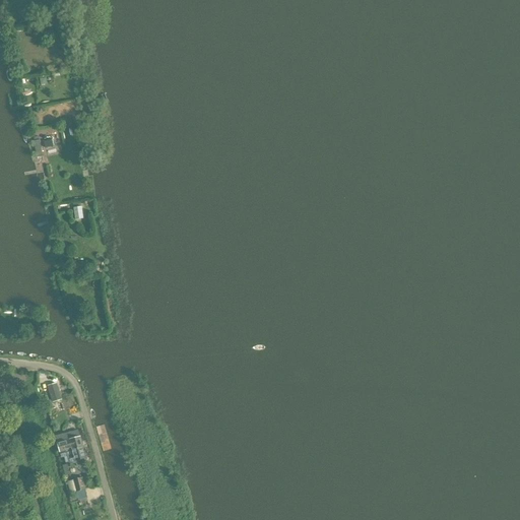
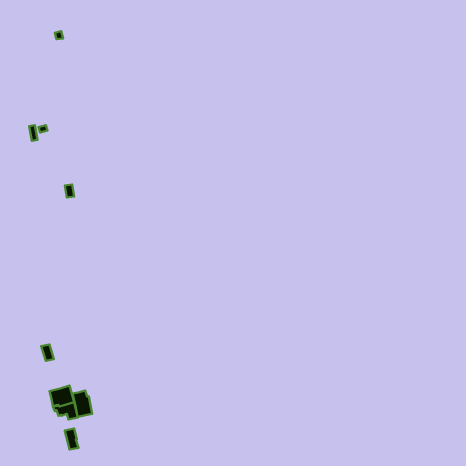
building: none -> [72,390,92,417]

